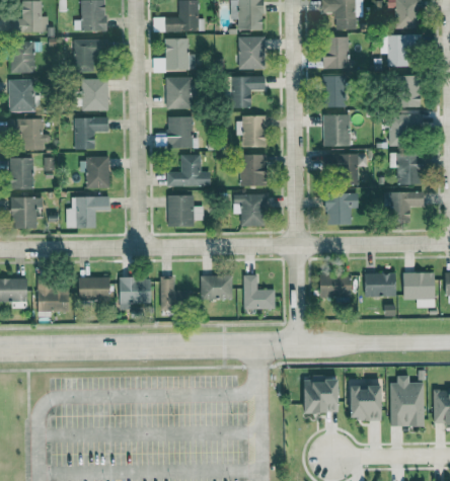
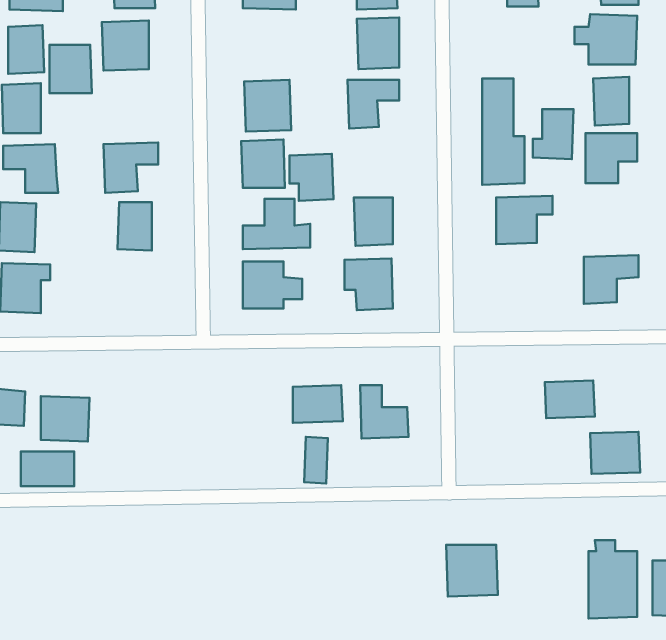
building: [327,38,354,71] -> [533,109,574,159]
building: [156,39,192,73] -> none
building: [85,80,113,111] -> [49,45,92,93]
building: [237,116,266,147] -> [290,154,333,201]
building: [398,152,419,184] -> none
building: [323,192,350,225] -> none
building: [67,196,111,228] -> none
building: [402,272,435,300] -> [590,432,640,474]
building: [317,273,351,298] -> none
building: [159,276,174,307] -> [304,437,328,484]
building: [76,277,110,300] -> [21,452,74,486]
building: [117,277,149,305] -> none
building: [346,386,377,420] -> none

